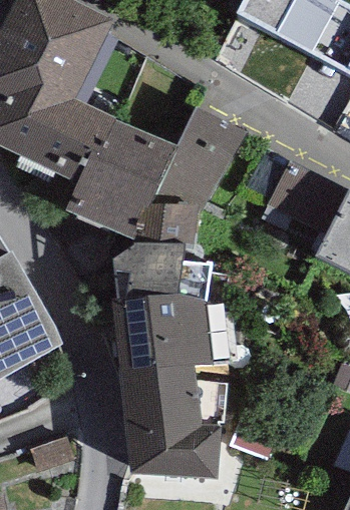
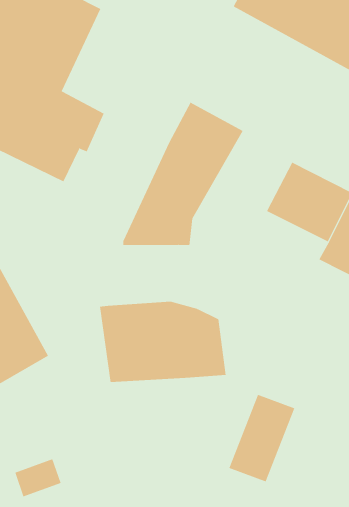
building: [65,116,174,235] -> none
building: [113,239,228,309] -> none
building: [119,364,218,476] -> none

